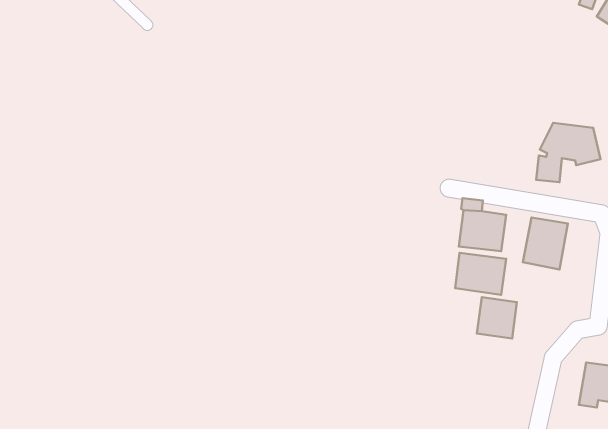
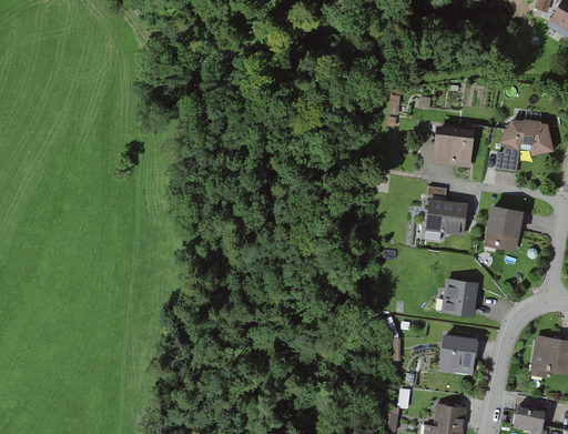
building: none -> [430,124,475,168]
building: [455,253,506,295] -> none
building: none -> [437,333,477,374]

